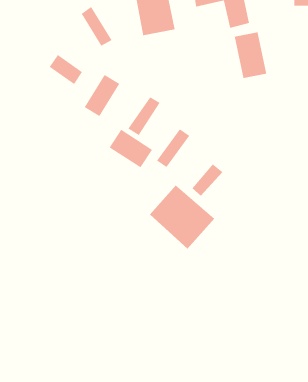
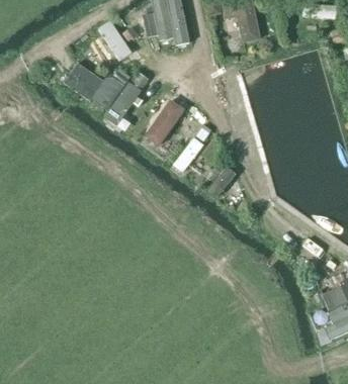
building: [234,31,267,79] -> none
building: [109,129,153,168] -> none
building: [149,185,215,250] -> none

